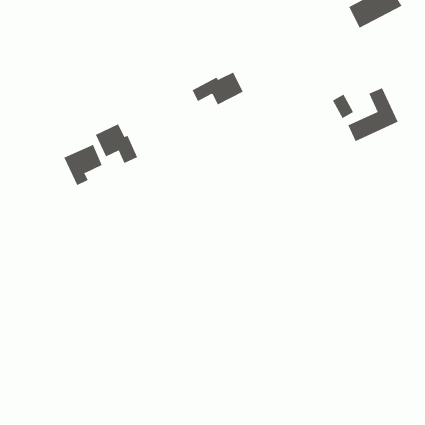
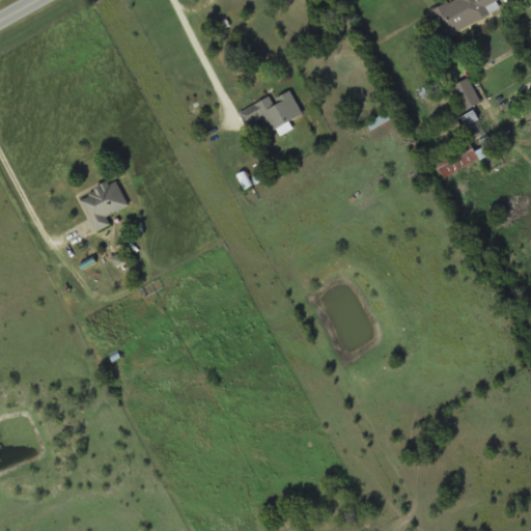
building: [332,94,354,119] -> [453,78,480,109]
building: [95,123,138,164] -> none

